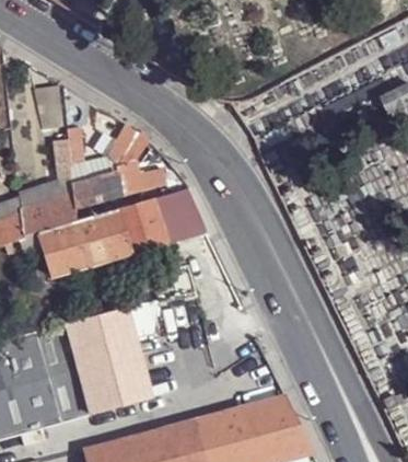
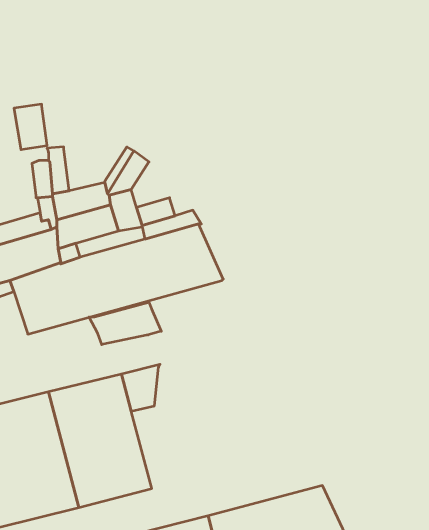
building: none -> [89,302,161,345]

